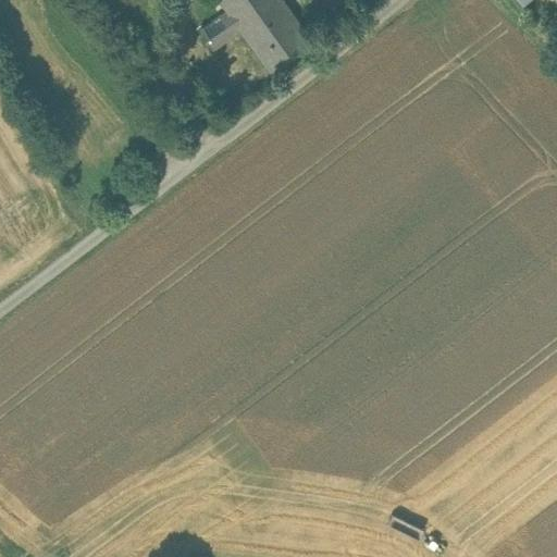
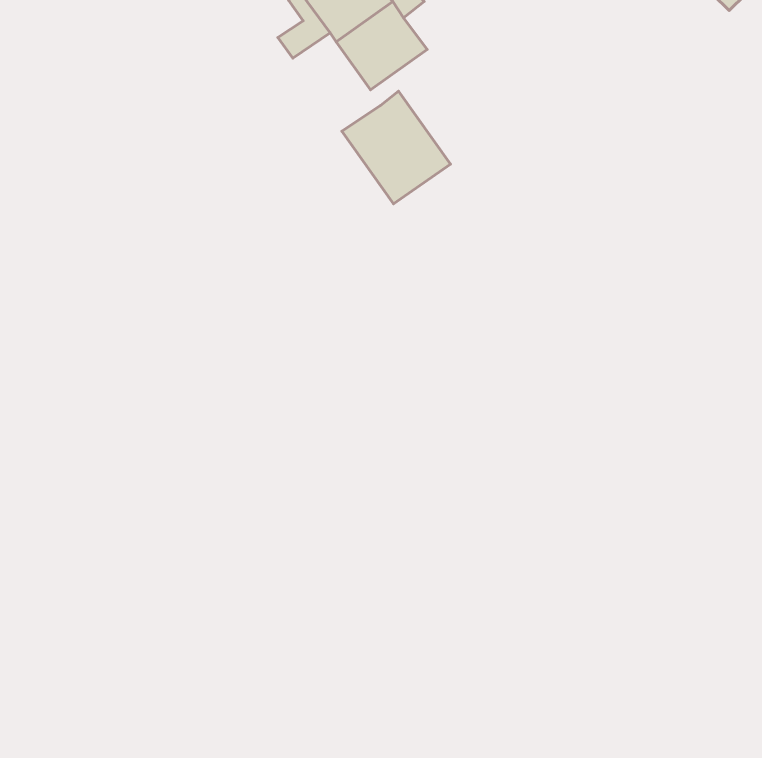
building: none -> [342,91,450,204]

